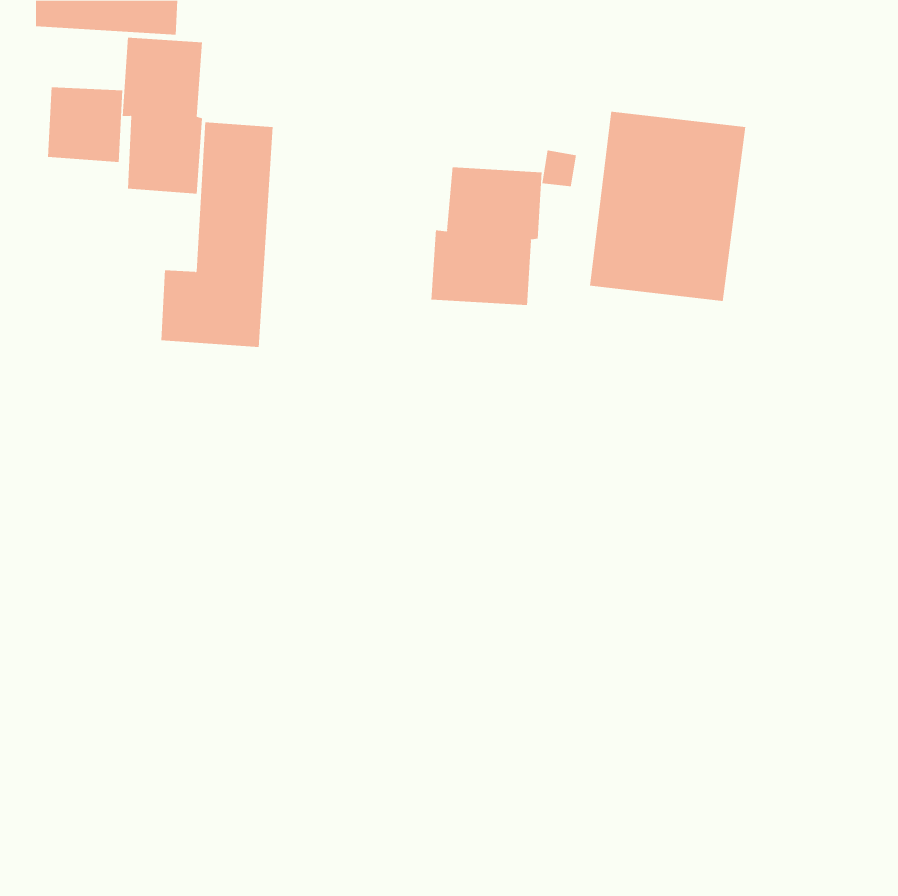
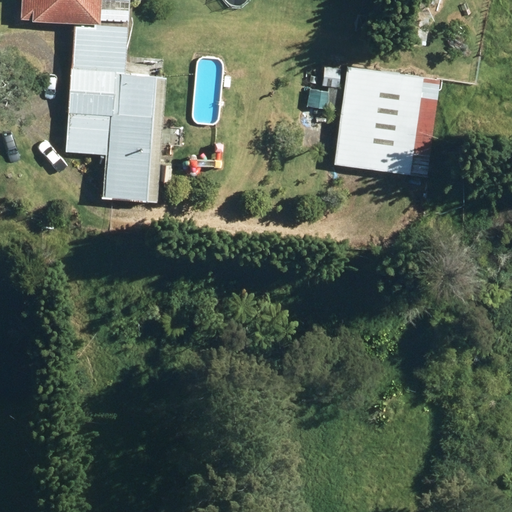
building: [47,87,123,163] -> [67,111,110,154]
building: [431,167,542,306] -> none

